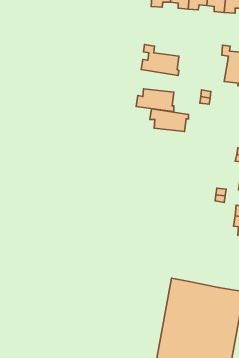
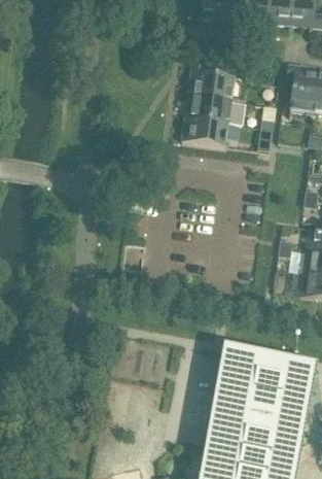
building: [150,109,189,131] -> [185,91,232,118]

